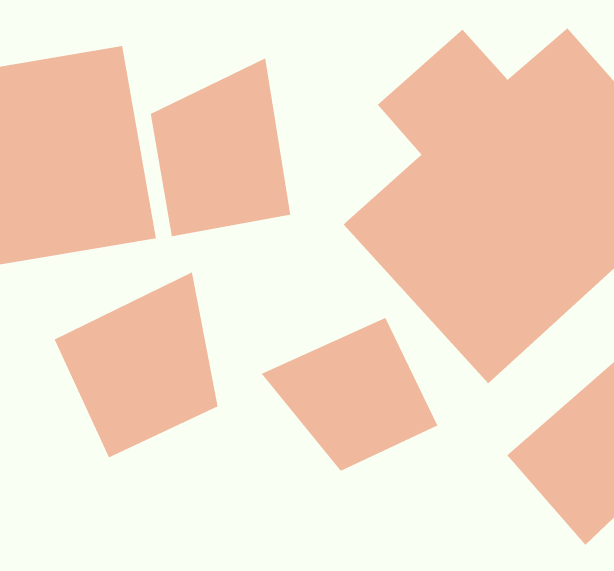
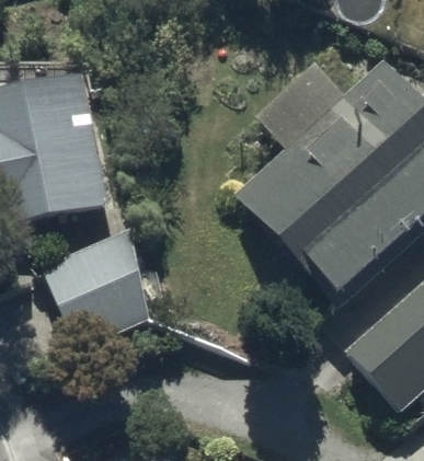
building: [150,57,291,237] -> none
building: [261,317,438,472] -> none

